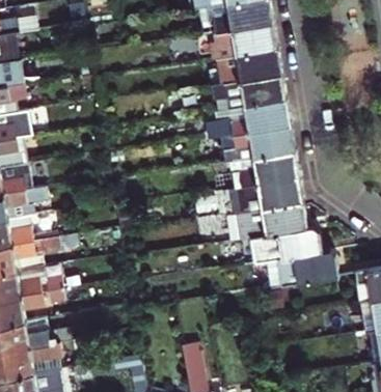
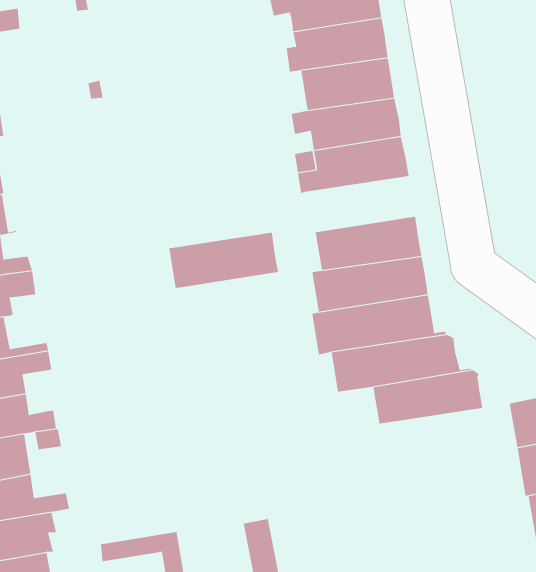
building: [221,125,293,162] -> [168,232,279,288]

